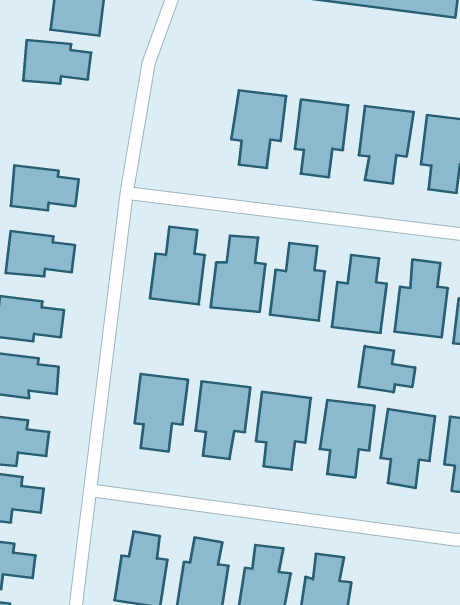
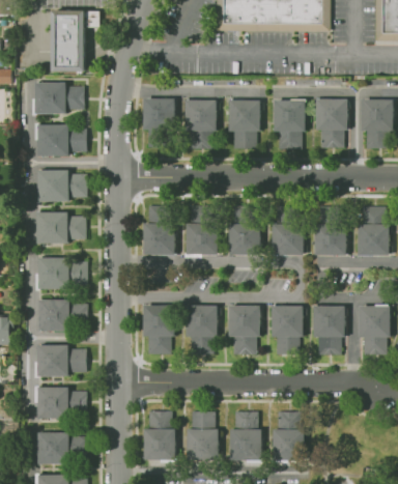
building: none -> [142,98,176,149]
building: none -> [39,125,85,154]
building: [359,346,415,392] -> none

